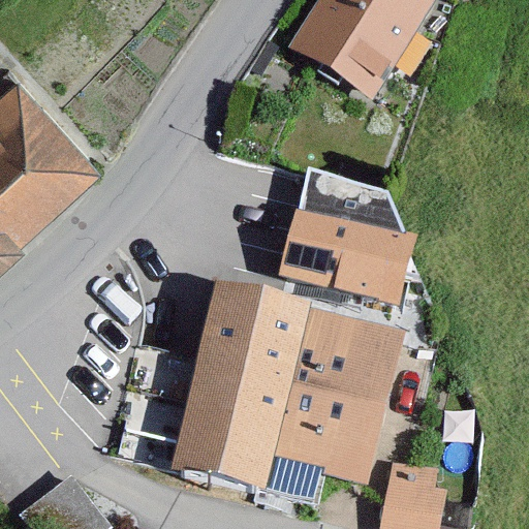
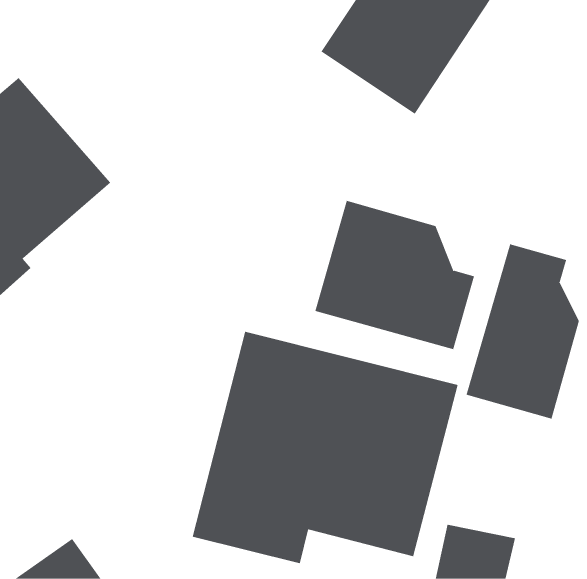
building: none -> [466,243,580,419]

